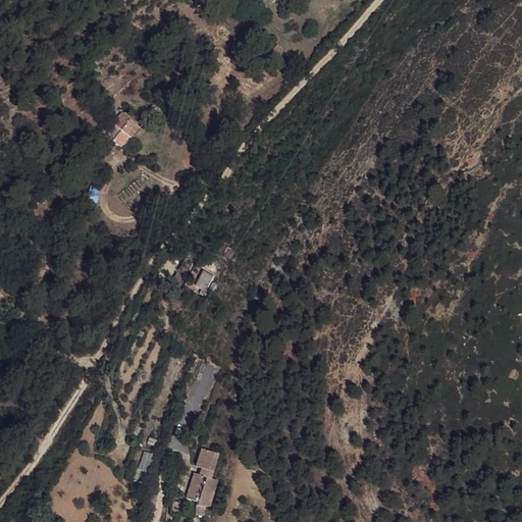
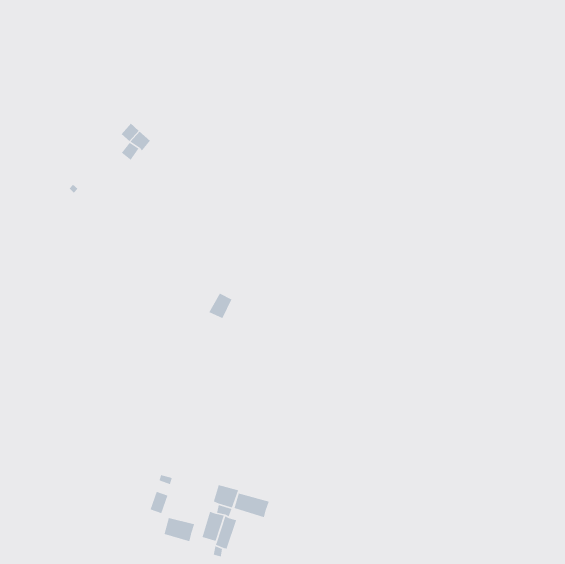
building: none -> [234,493,270,518]
building: none -> [164,517,195,542]

